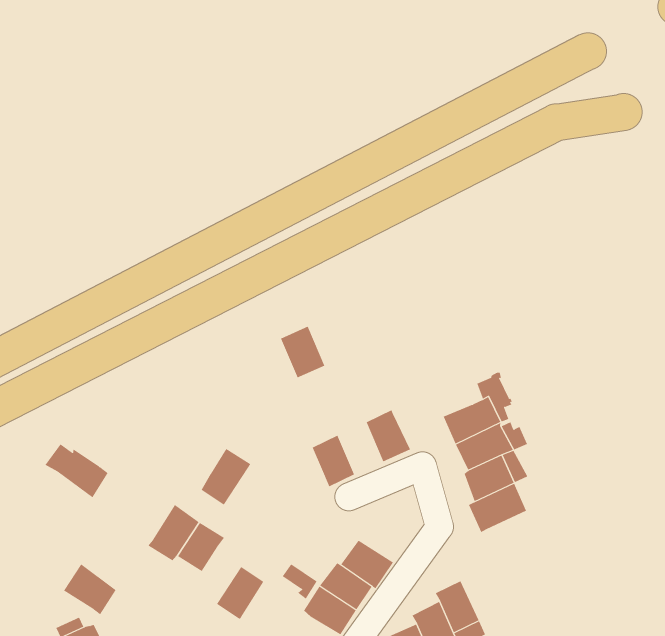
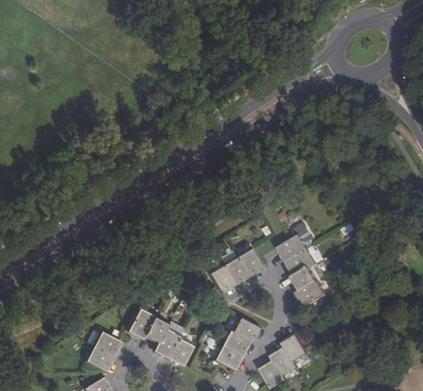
building: [280,326,325,378] -> [223,255,248,284]
building: [45,444,109,498] -> [86,330,120,358]
building: [201,448,251,505] -> [154,329,179,360]

